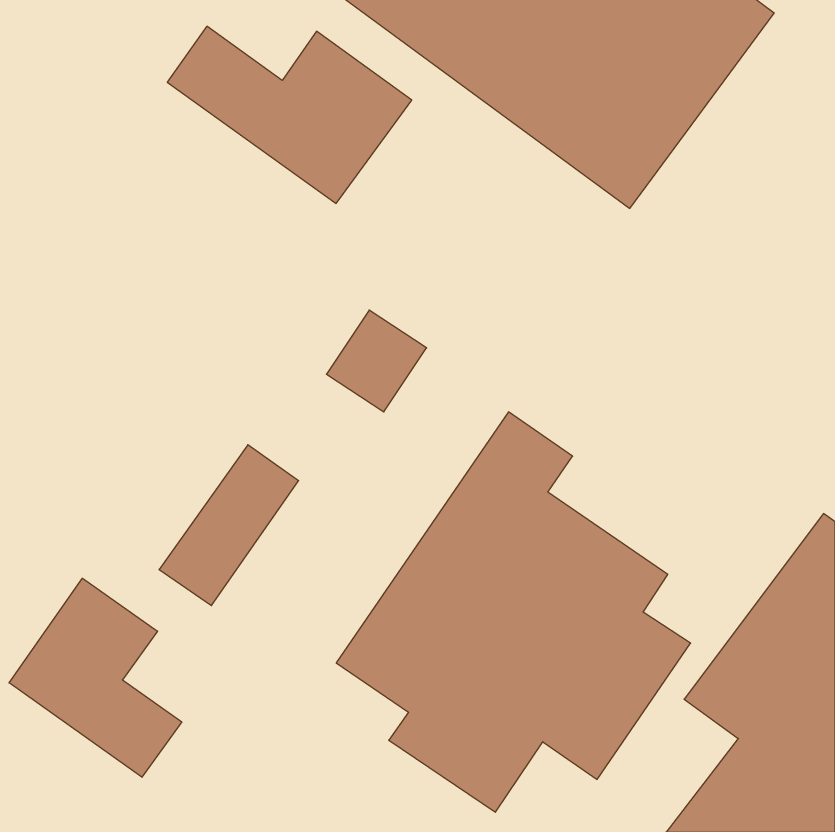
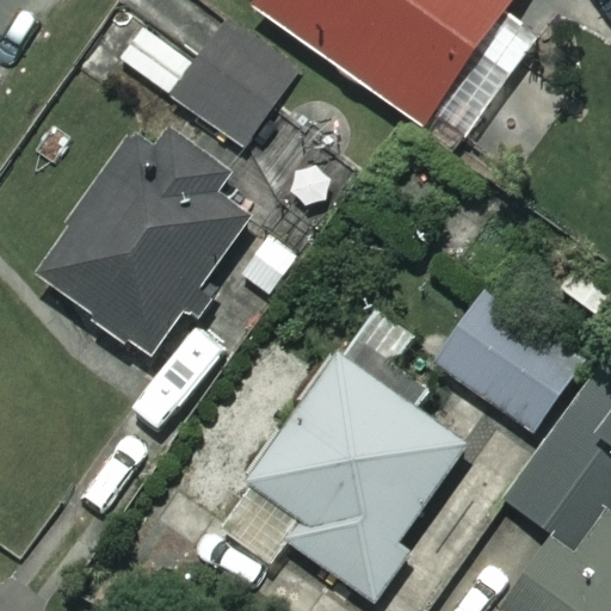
building: none -> [36,117,252,356]
building: none -> [437,306,570,430]
building: [9,578,182,777] -> none

